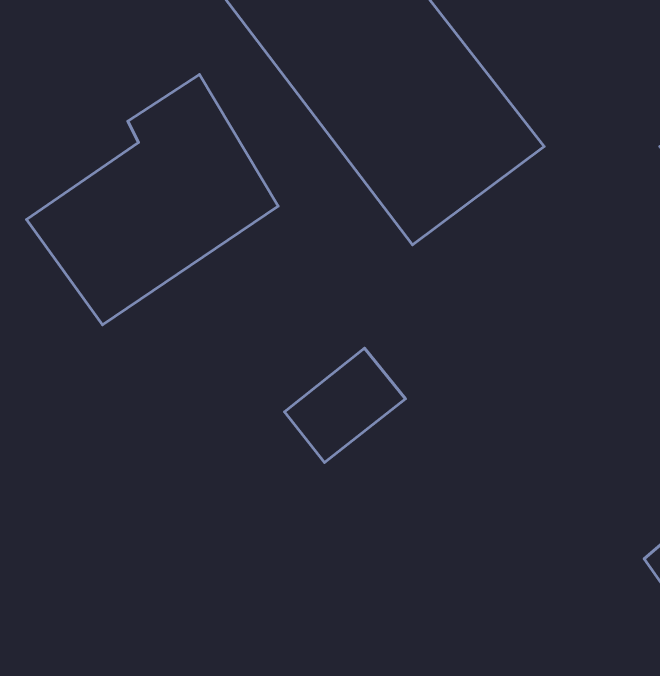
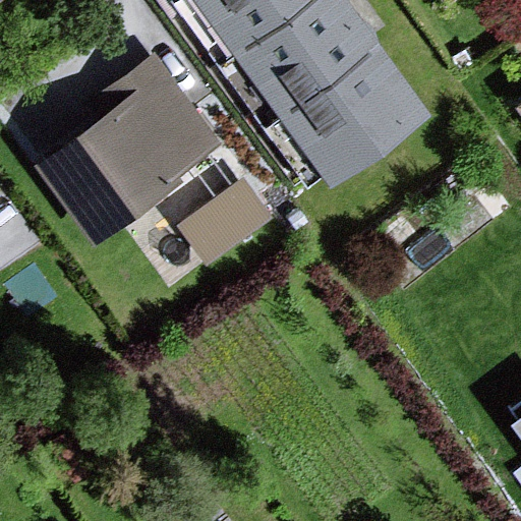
building: [285,348,406,463] -> [193,161,286,248]

